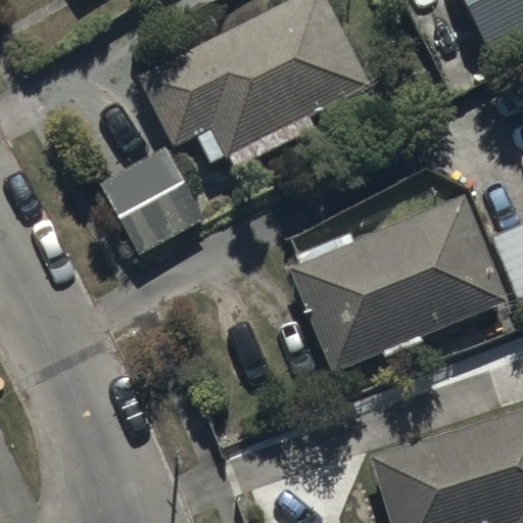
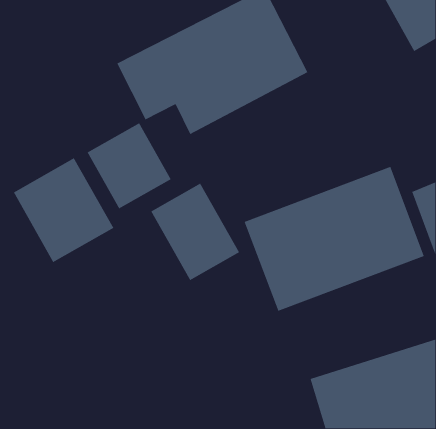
building: none -> [13,157,114,263]
building: none -> [150,183,240,281]

